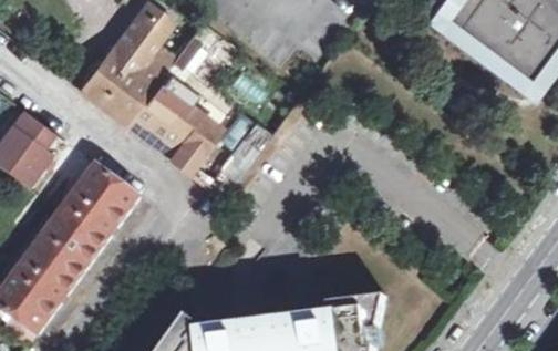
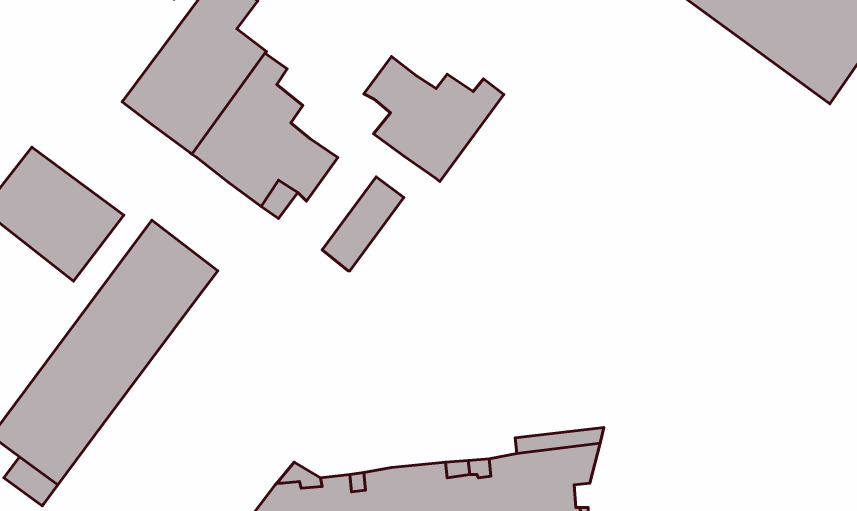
building: none -> [364,57,504,181]

